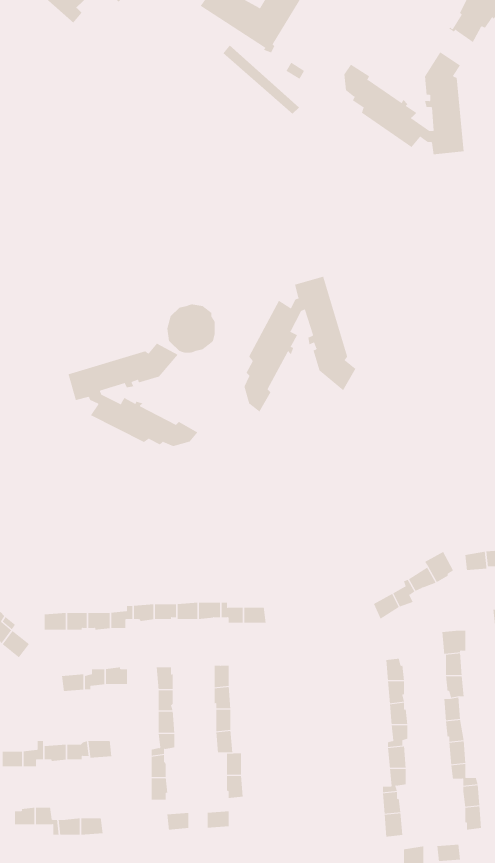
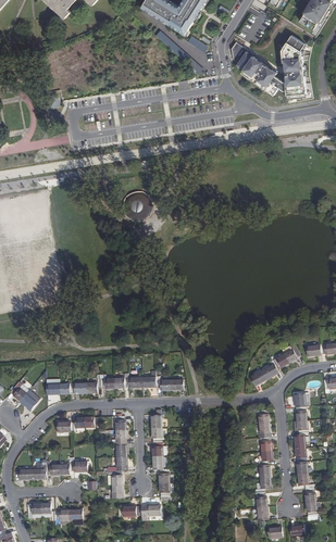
building: [244,276,356,413] -> none
building: [68,343,198,447] -> none

